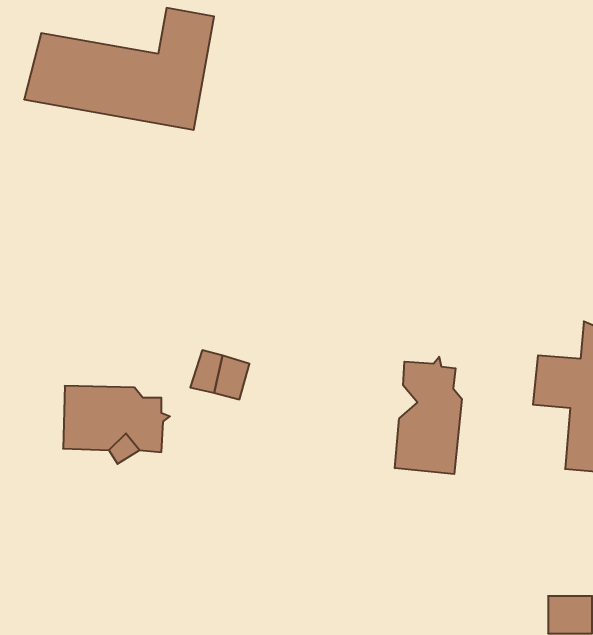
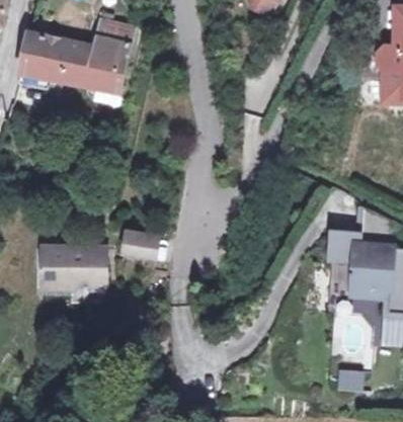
building: [395,357,462,474] -> none

